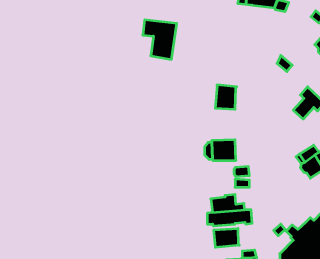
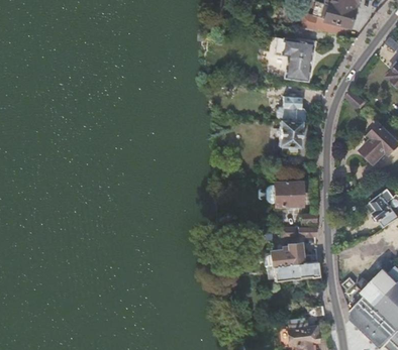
building: [143,20,177,59] -> [276,39,314,84]
building: none -> [278,97,306,123]
building: [214,228,239,247] -> none

